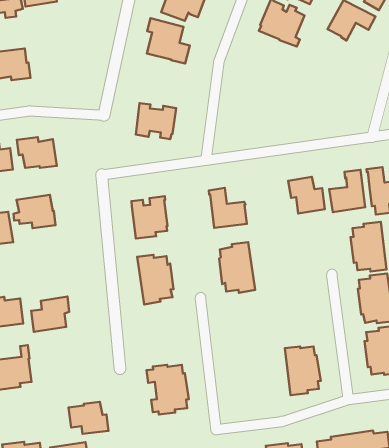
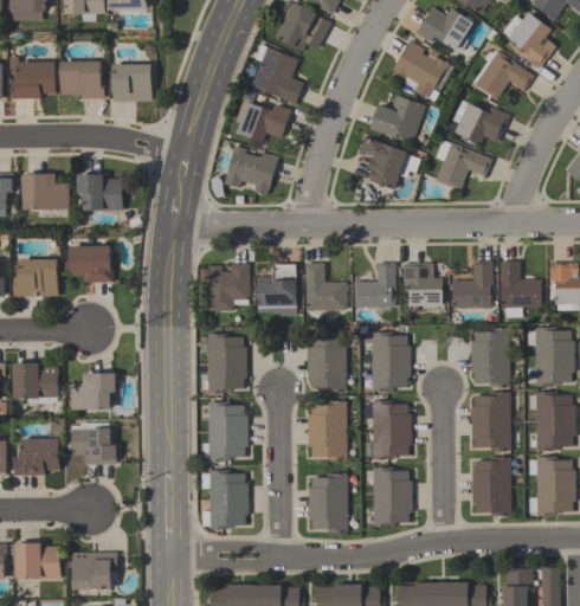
building: none -> [451,101,509,147]
building: none -> [112,65,152,102]
building: none -> [369,96,425,144]
building: none -> [234,102,291,144]
building: none -> [433,141,491,192]
building: none -> [357,137,420,191]
building: none -> [353,263,395,308]
building: none -> [257,264,297,316]
building: none -> [363,333,410,391]
building: none -> [372,400,411,459]
building: none -> [307,401,347,459]
building: none -> [201,402,247,460]
building: none -> [308,473,347,533]
building: [69,402,108,434] -> [71,427,116,464]

